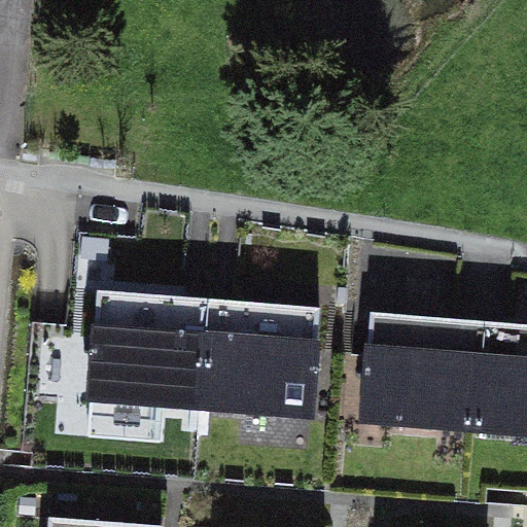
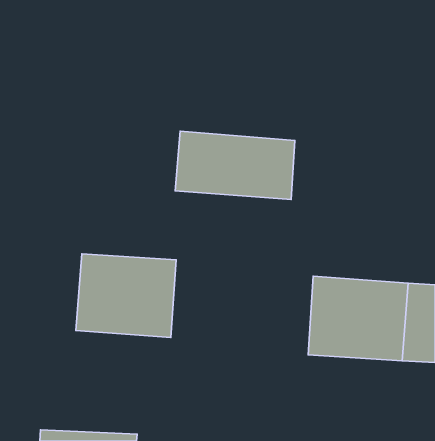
building: none -> [175,131,295,199]
building: [204,310,321,411] -> none

